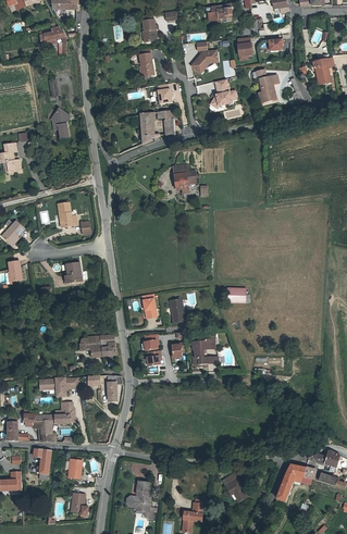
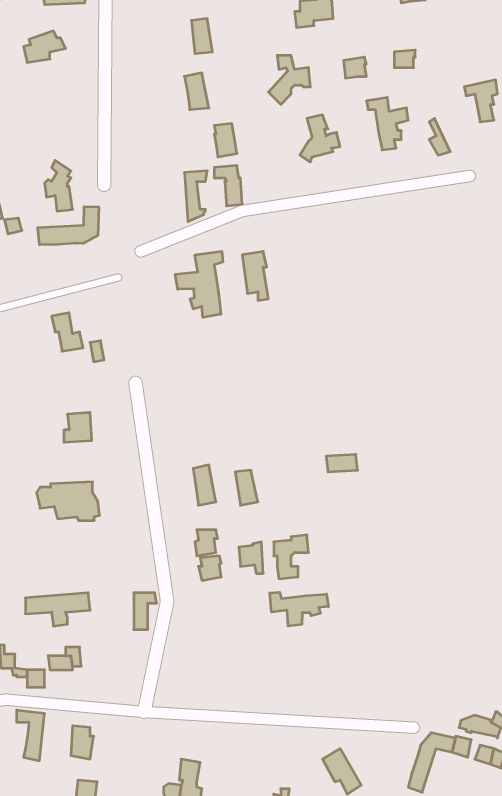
building: none -> [38,207,99,245]
building: none -> [175,251,223,317]
building: [80,334,120,358] -> [37,482,100,520]
building: none -> [270,592,328,626]

